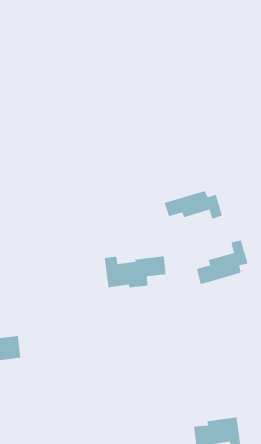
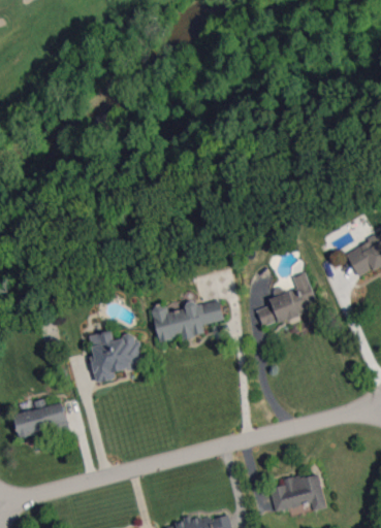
building: [164,190,223,220] -> none
building: none -> [89,330,145,383]

